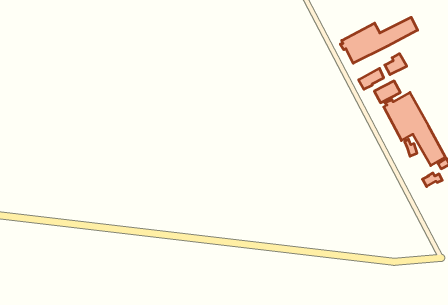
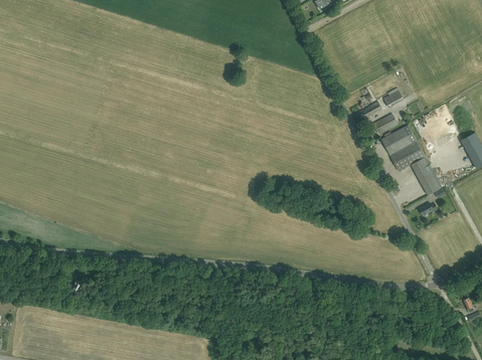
building: [340,17,418,63] -> none

